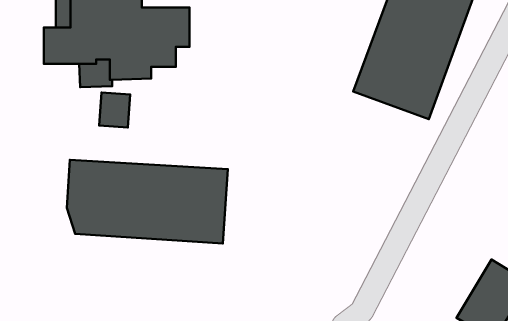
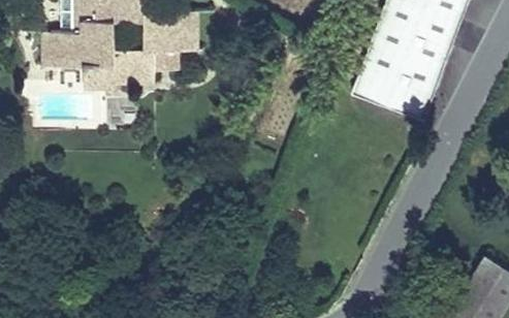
building: [67,160,228,243] -> none

